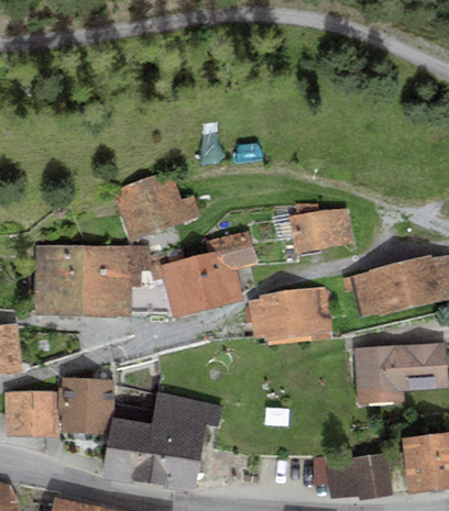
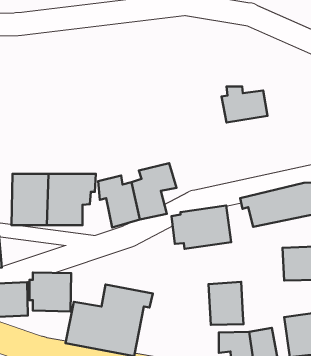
building: [110,173,199,240] -> none
building: [289,203,351,252] -> [222,87,267,122]
building: [355,345,403,403] -> [208,282,243,325]

